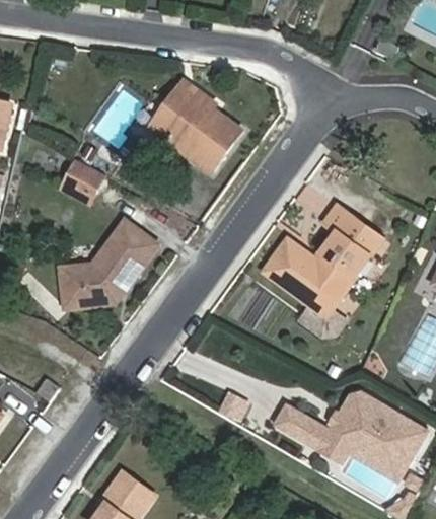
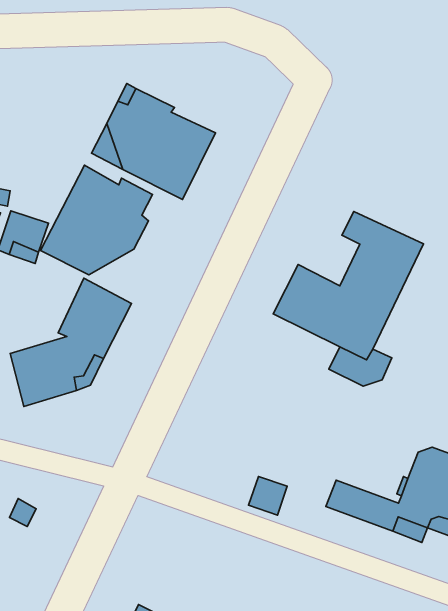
building: none -> [40,165,152,275]

